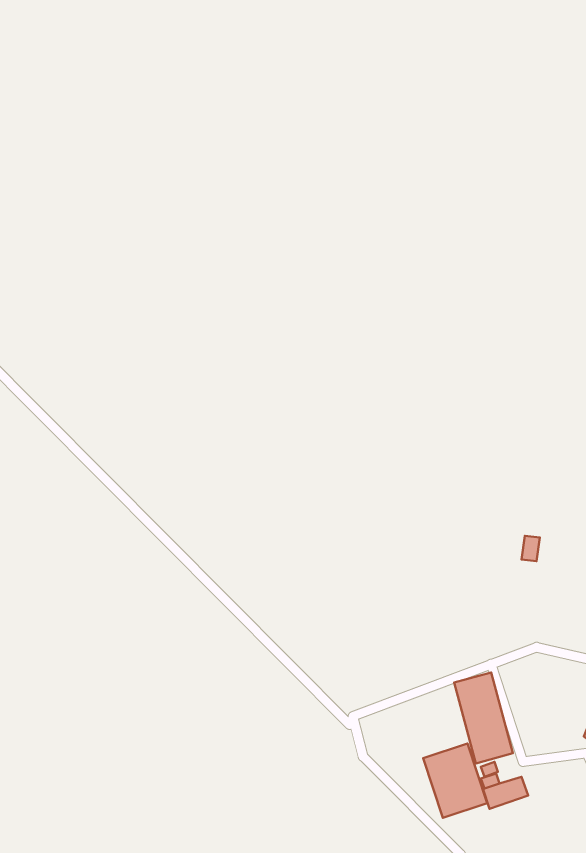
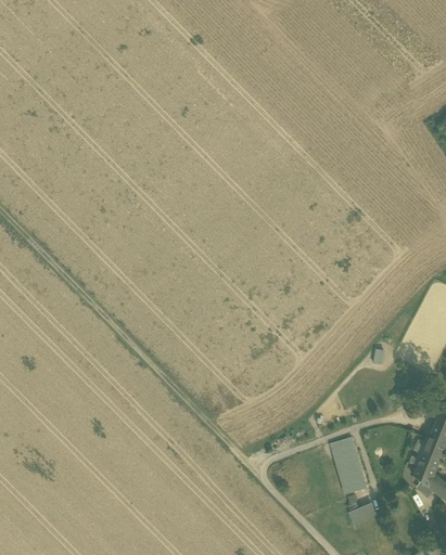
building: [423,743,487,818] -> none

